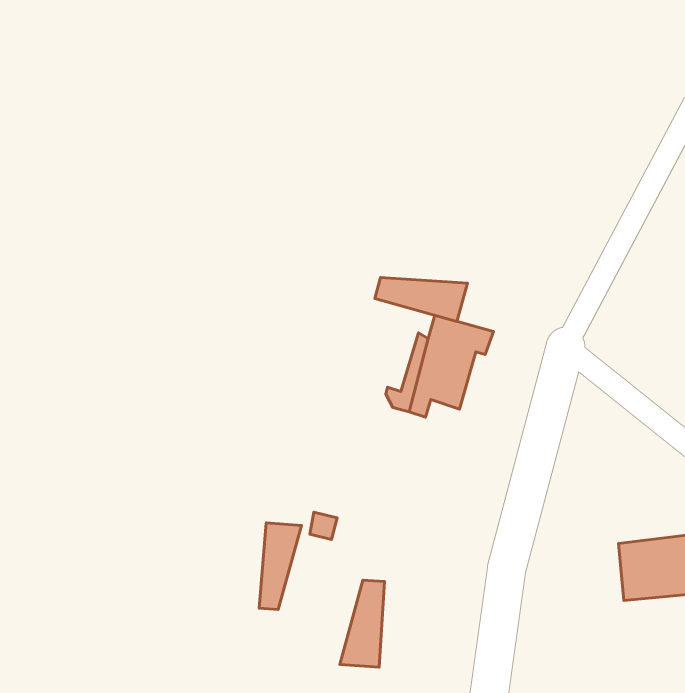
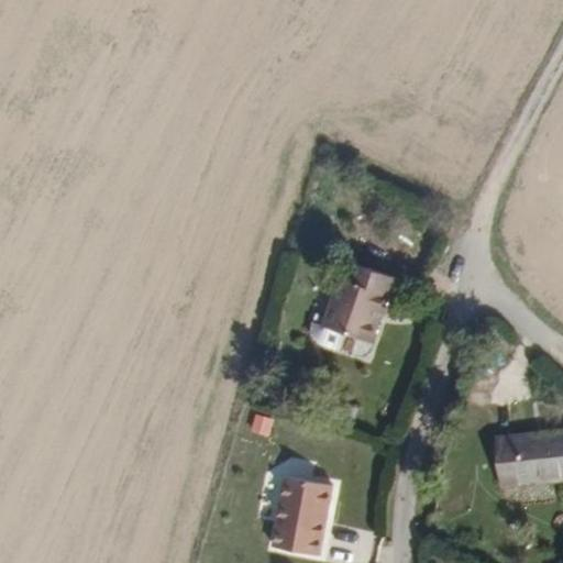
building: [375,277,467,321] -> none
building: [259,523,301,610] -> [267,468,301,539]

